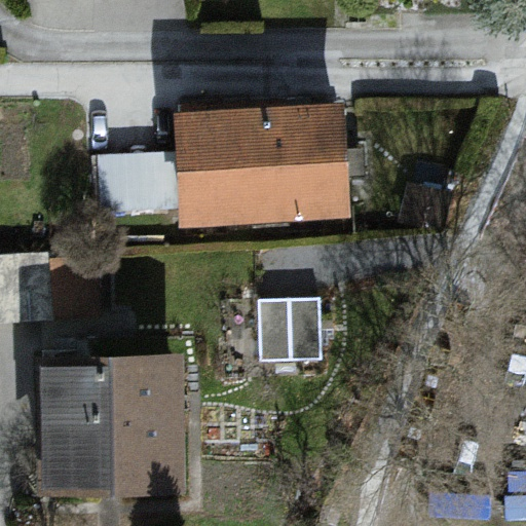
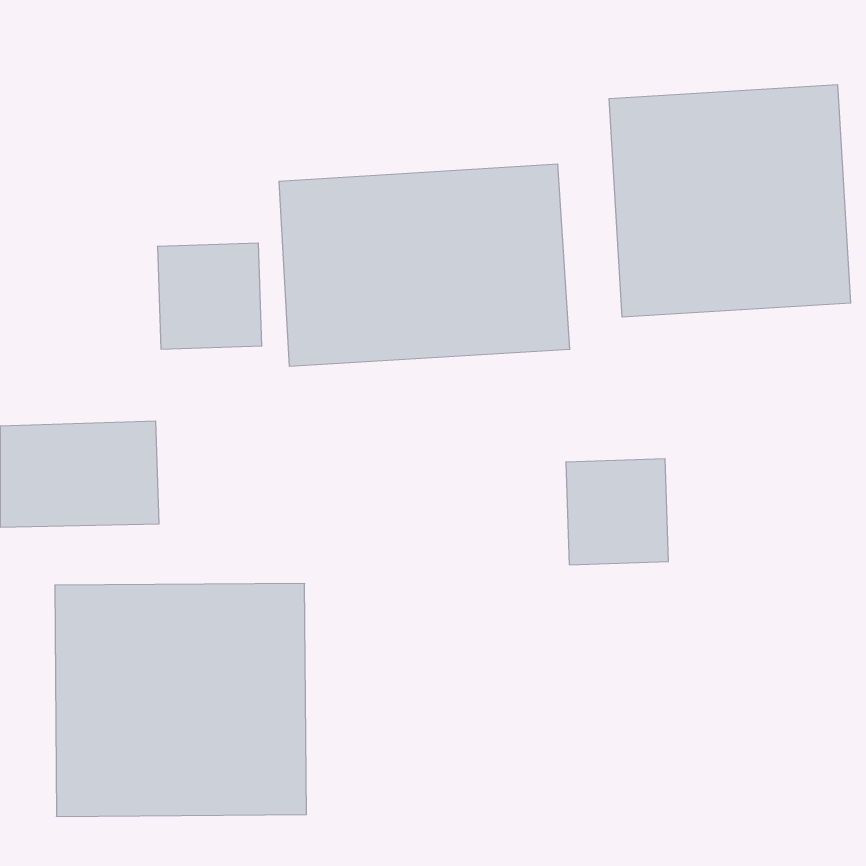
building: none -> [609,85,851,317]
building: [258,303,320,367] -> [566,459,668,565]

